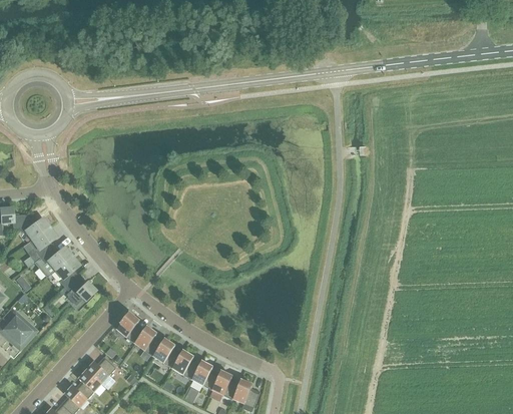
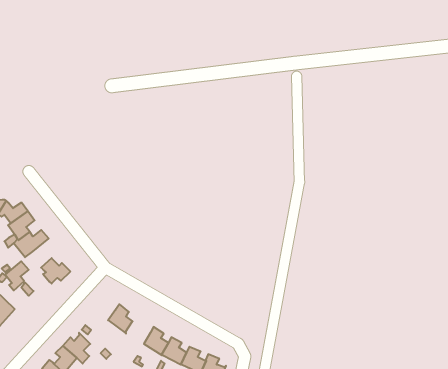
building: [55,255,80,286] -> [5,261,29,290]
building: [117,311,143,343] -> none
building: [153,338,180,368] -> none

